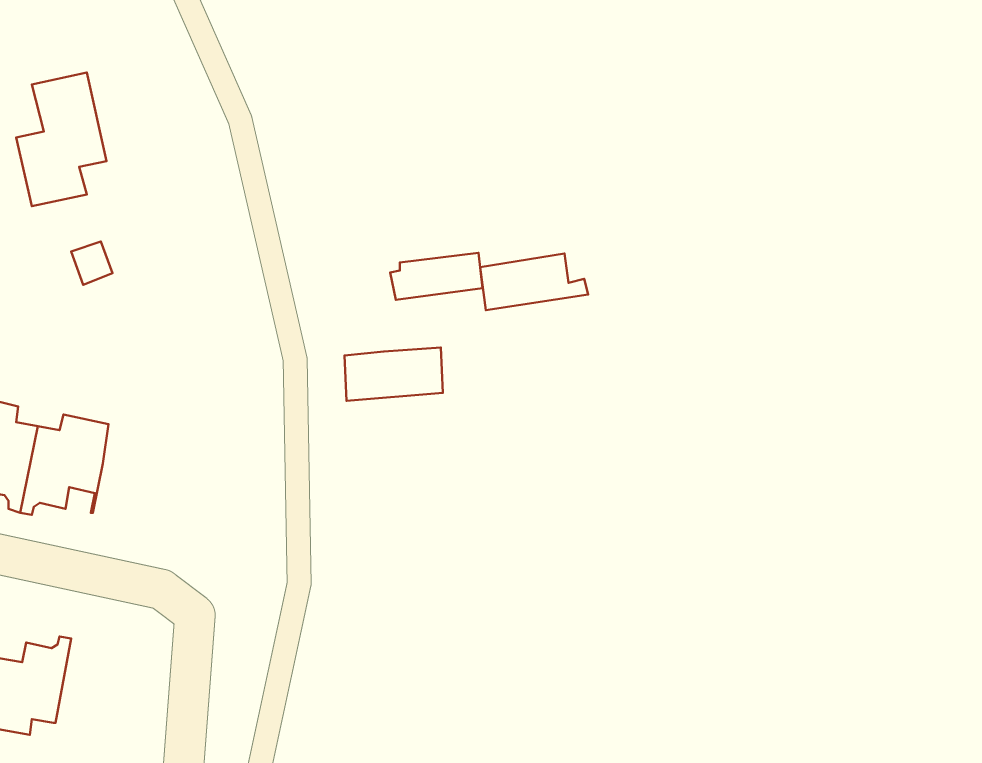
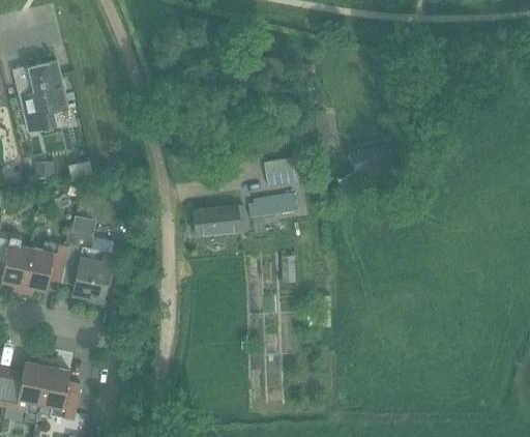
building: [390,253,482,300] -> [247,194,296,219]
building: none -> [65,233,114,302]
building: none -> [38,359,81,419]

